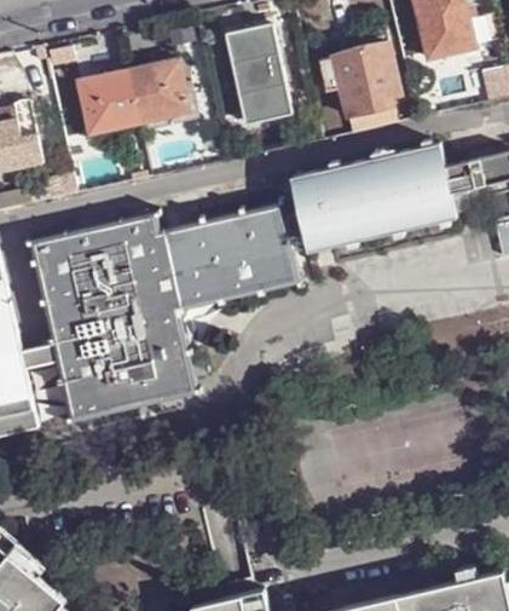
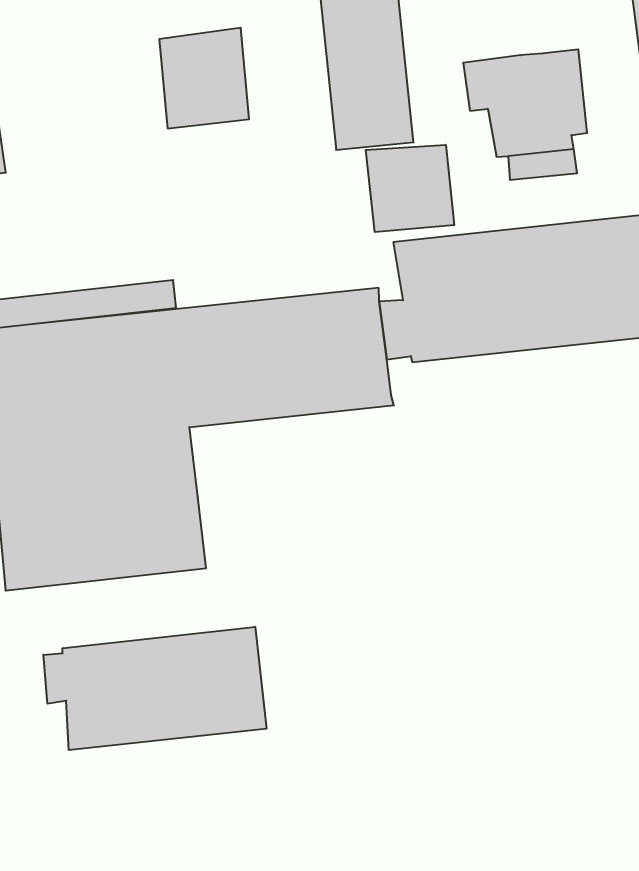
building: [77,69,141,134] -> none
building: none -> [366,145,454,232]
building: none -> [43,627,266,750]

